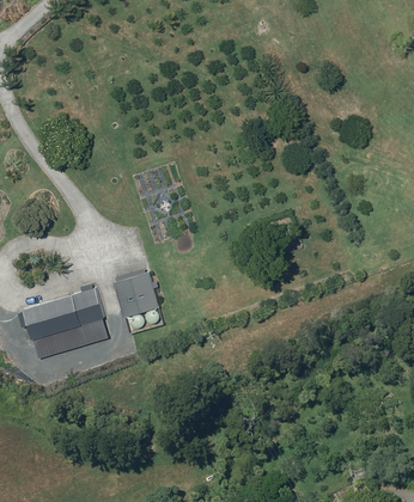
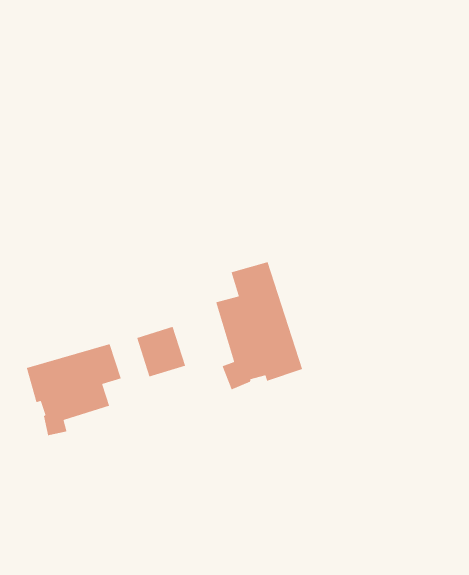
building: none -> [215,261,303,391]

